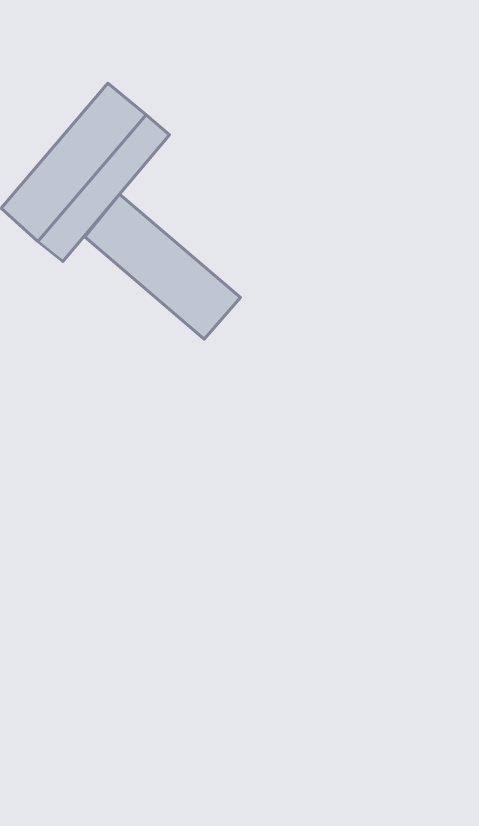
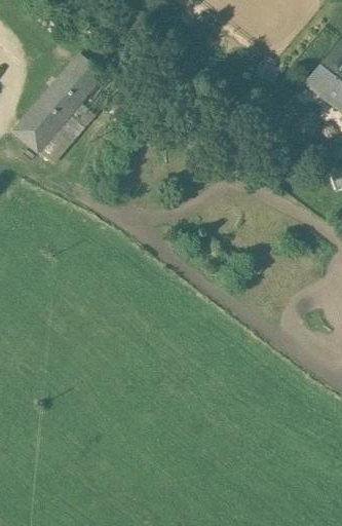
building: [85,194,241,339] -> none

